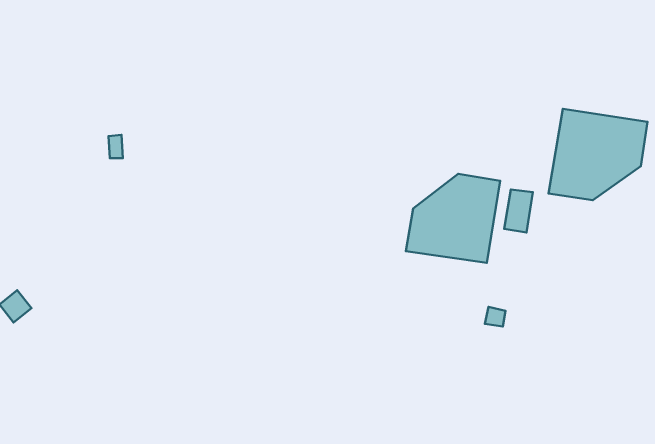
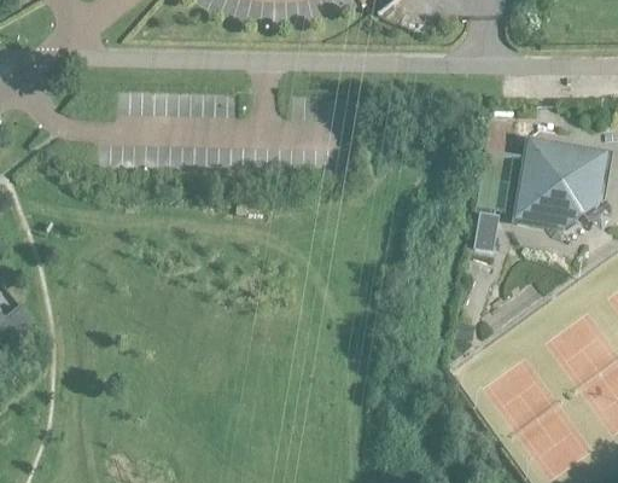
building: [406,174,500,263] -> none

